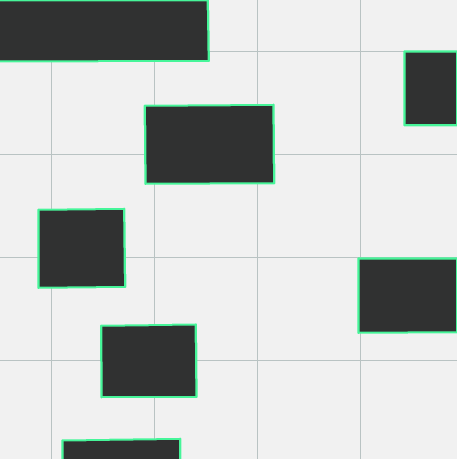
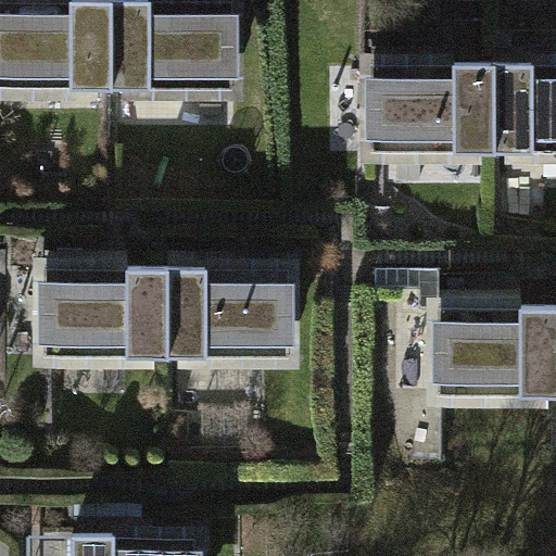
building: none -> [356,74,478,161]
building: [145,105,274,184] -> [147,258,300,352]
building: [101,324,196,397] -> none

